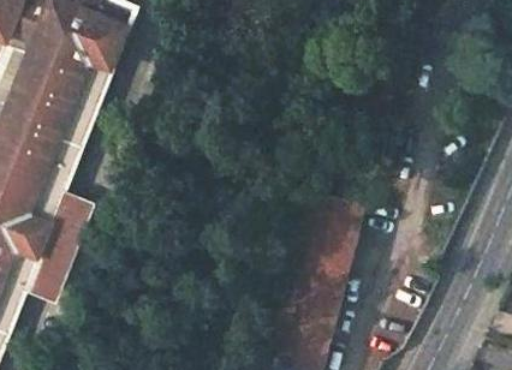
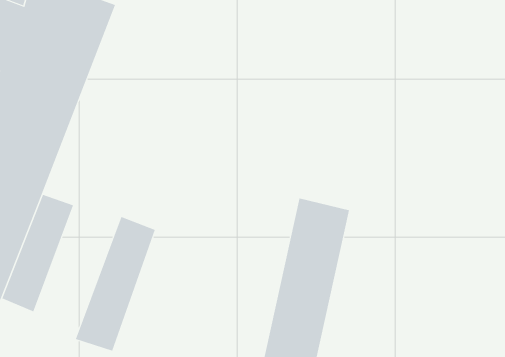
building: none -> [75,216,156,351]

